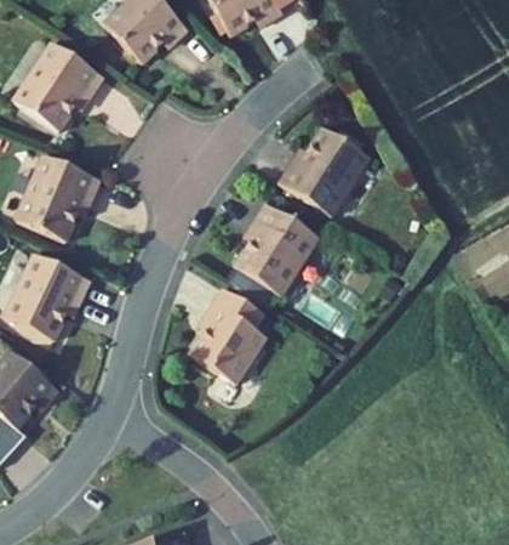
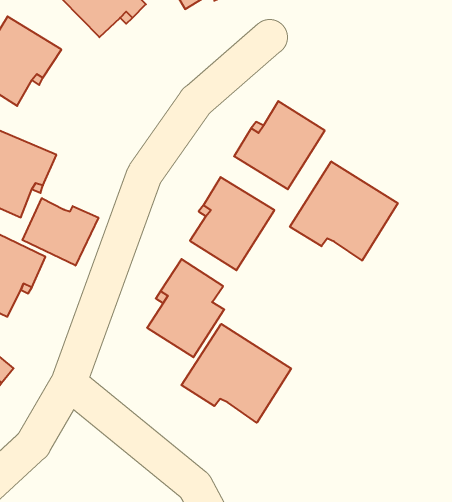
building: none -> [290,161,398,261]
building: none -> [22,198,98,266]
building: none -> [181,324,291,423]

